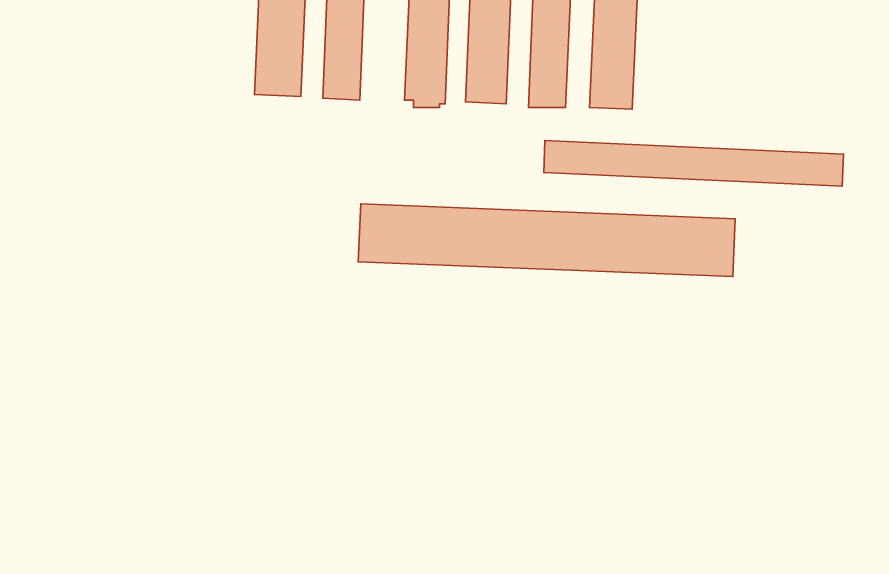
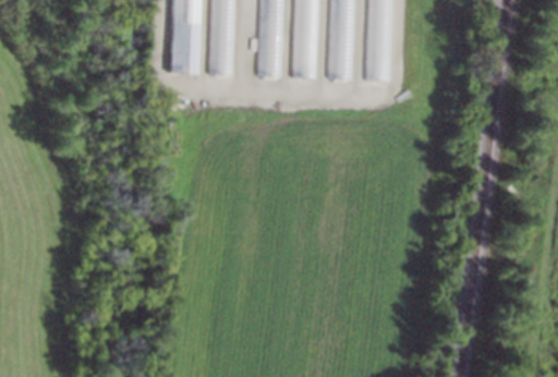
building: [544,141,843,186] -> none
building: [358,204,735,276] -> none

